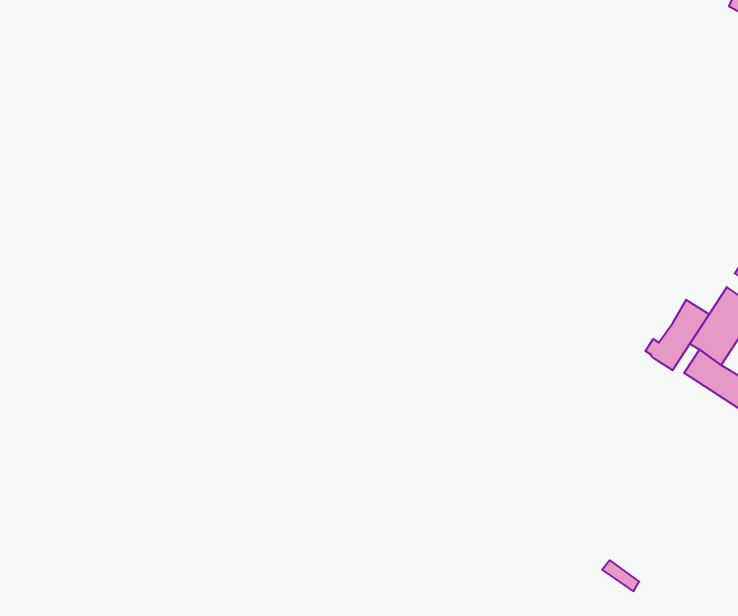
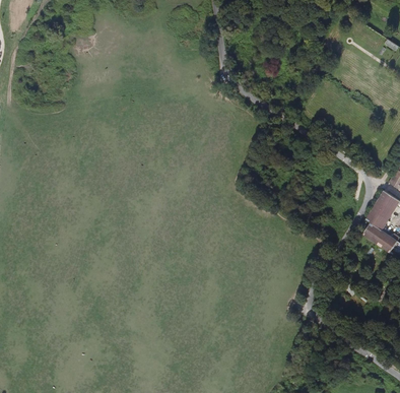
building: [645,300,709,370] -> none

